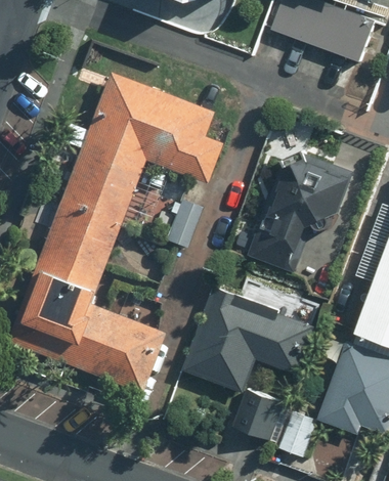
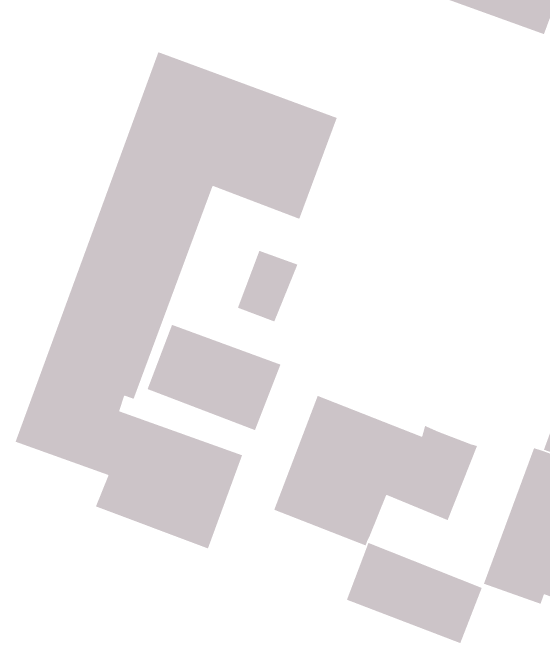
building: [251,152,355,268] -> none
building: none -> [146,324,282,431]

